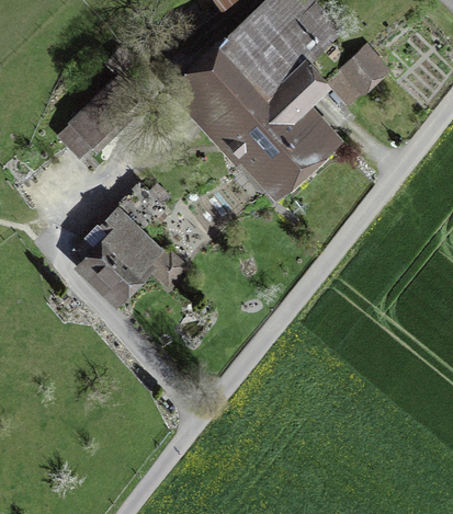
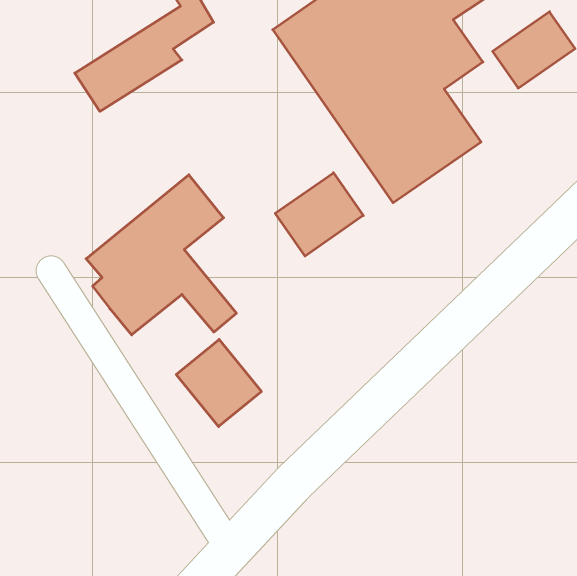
building: none -> [275,173,363,256]
building: none -> [176,339,261,427]

